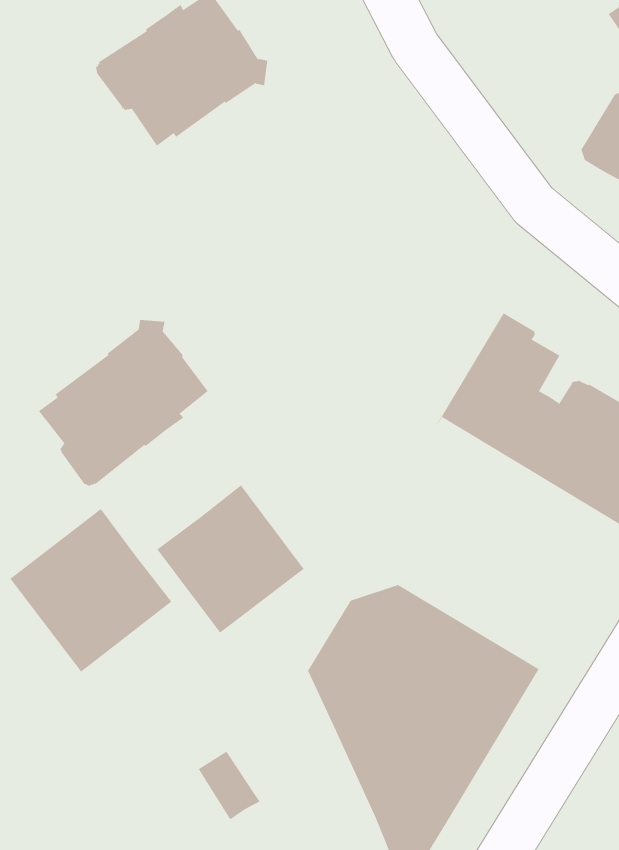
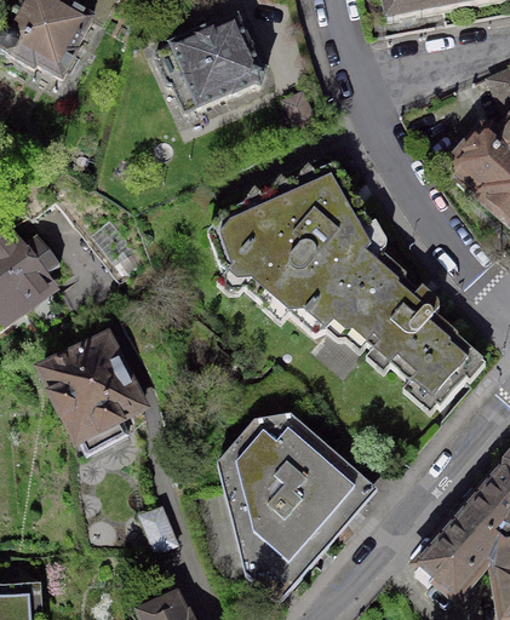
building: none -> [207,162,388,334]
building: [38,319,209,487] -> none
building: [157,485,305,634] -> none

